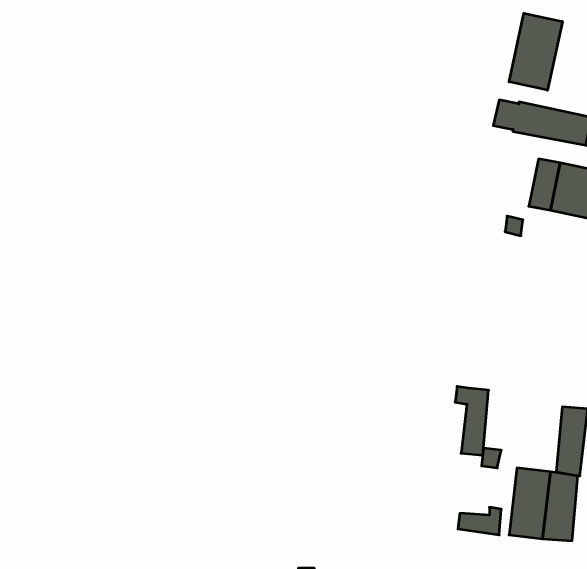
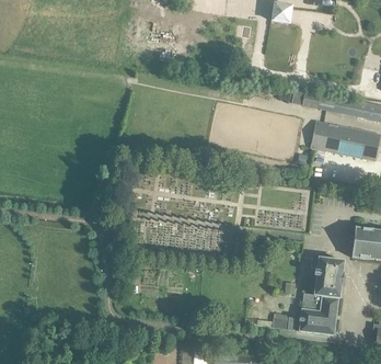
building: [509,13,562,90] -> none
building: [455,386,489,455] -> [311,257,330,295]

